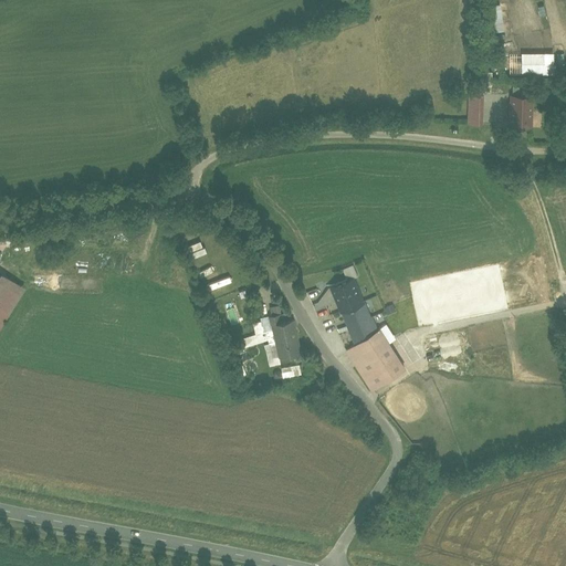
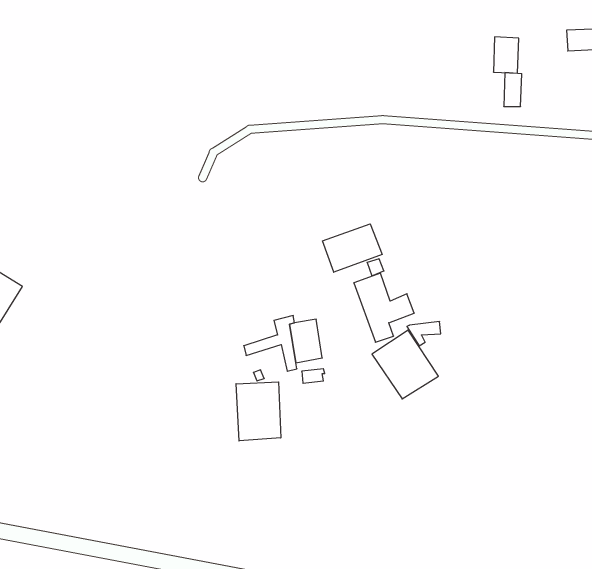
building: [506,96,530,129] -> [493,37,519,73]
building: none -> [323,224,382,272]
building: none -> [236,382,281,441]

